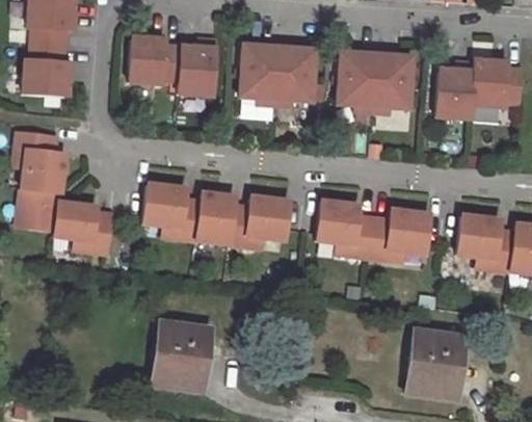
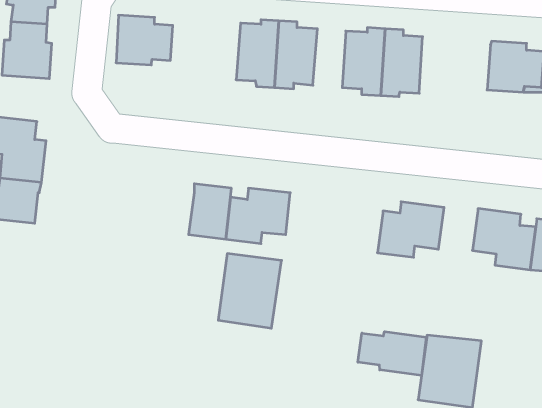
building: [178,39,216,96] -> none
building: [435,63,473,120] -> none
building: [142,183,201,239] -> none
building: [53,201,112,252] -> none
building: [316,201,374,256] -> none
building: [153,322,211,391] -> [218,254,282,328]
building: none -> [358,332,426,376]

